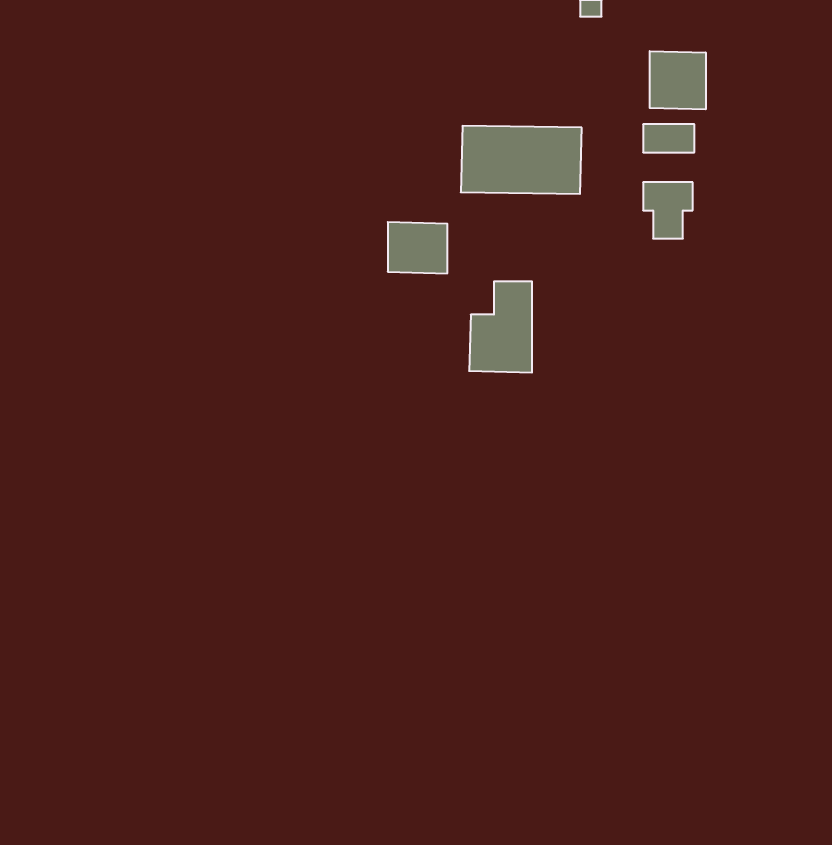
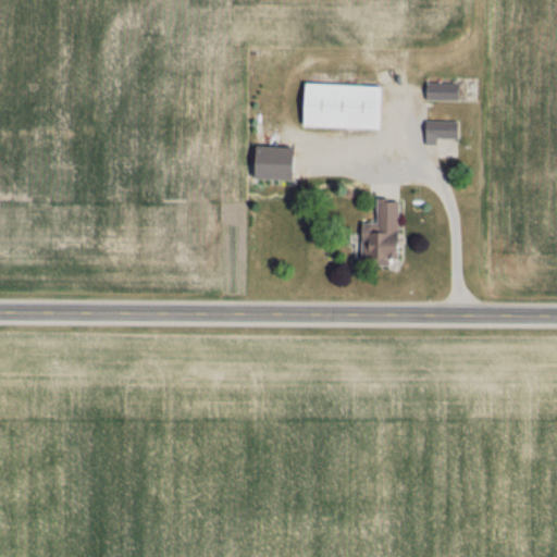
building: [650,51,706,109] -> none
building: [469,281,532,373] -> [357,200,398,260]

